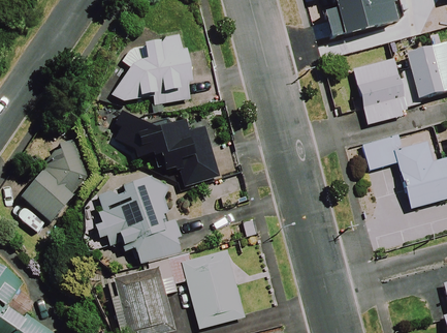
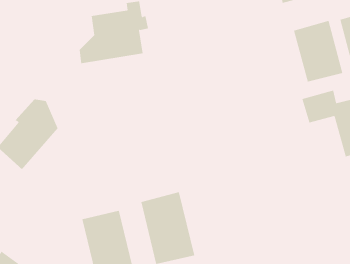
building: [114,114,242,184] -> none
building: [96,179,185,253] -> none

